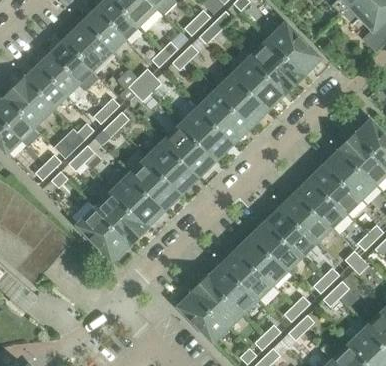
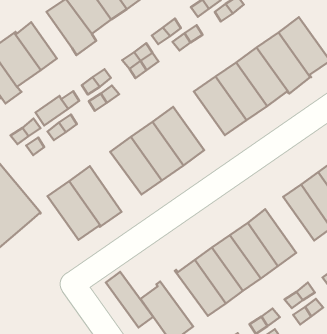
building: [36,54,78,96] -> none
building: [180,107,232,160] -> none
building: [111,175,163,229] -> none
building: [280,192,330,242] -> none
building: [193,276,242,325] -> [106,272,153,328]

